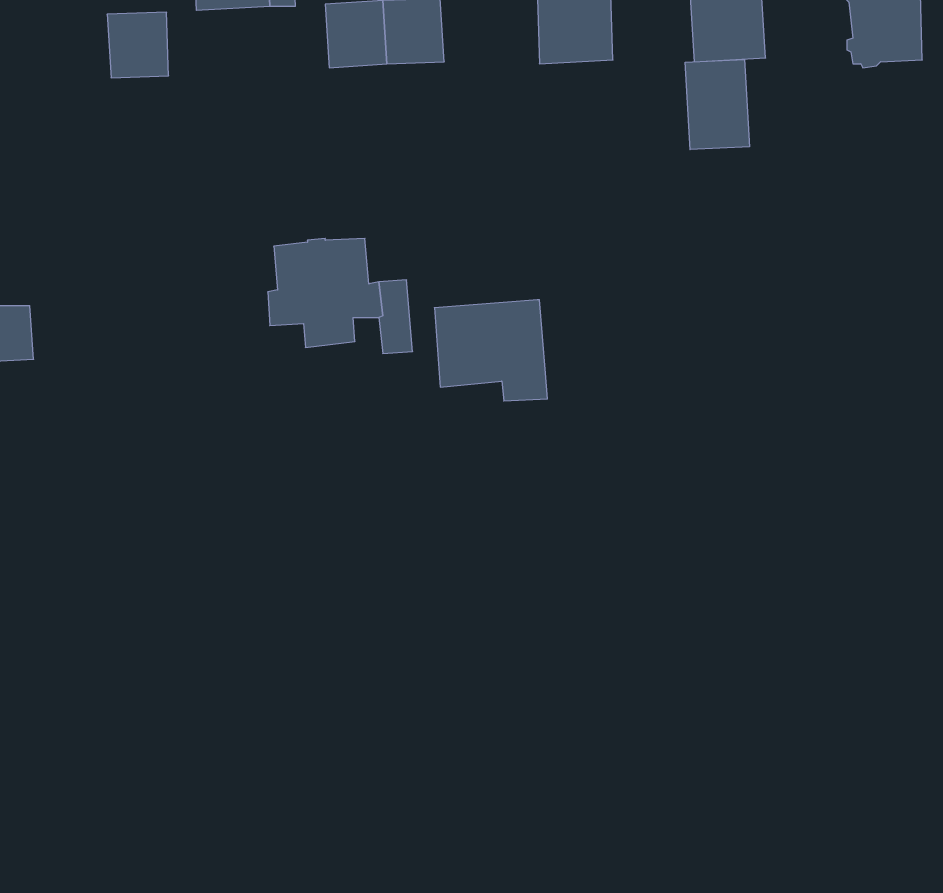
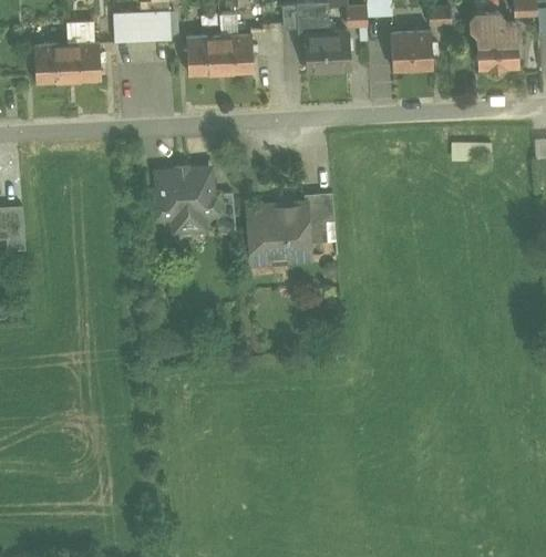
building: none -> [33,43,66,81]
building: [685,59,749,150] -> none
building: none -> [303,192,333,244]

